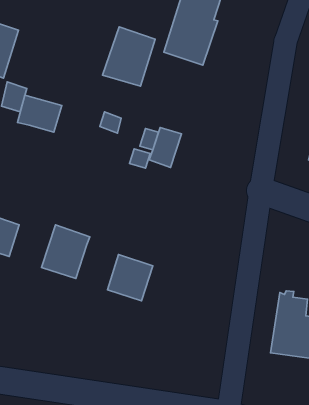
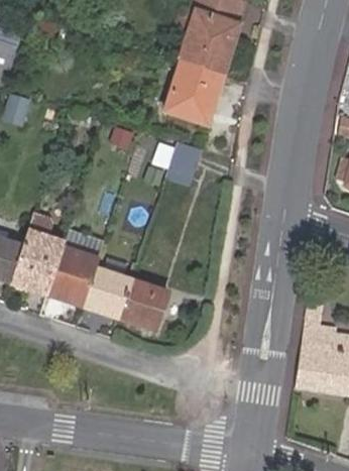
building: [102,27,155,86] -> [164,60,222,124]
building: [18,95,62,132] -> none
building: none -> [11,230,64,292]
building: none -> [84,267,130,317]

